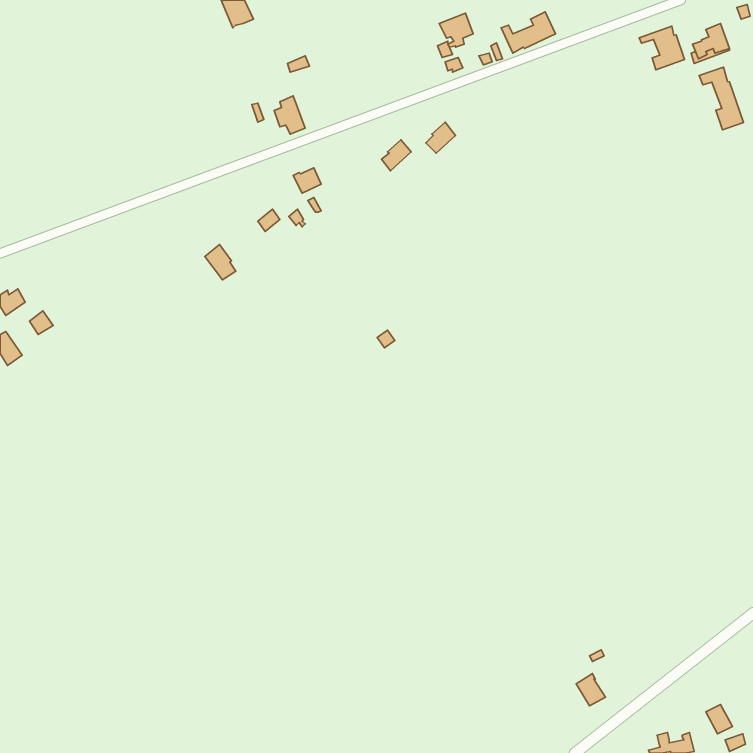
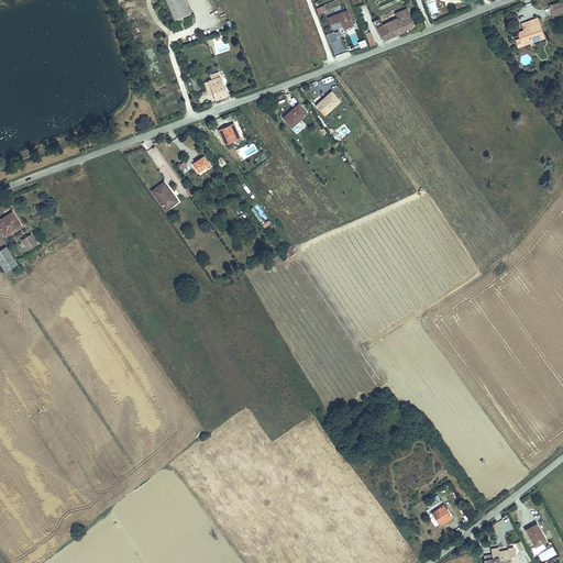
building: [639,26,685,70] -> none
building: [699,67,744,130] -> none

